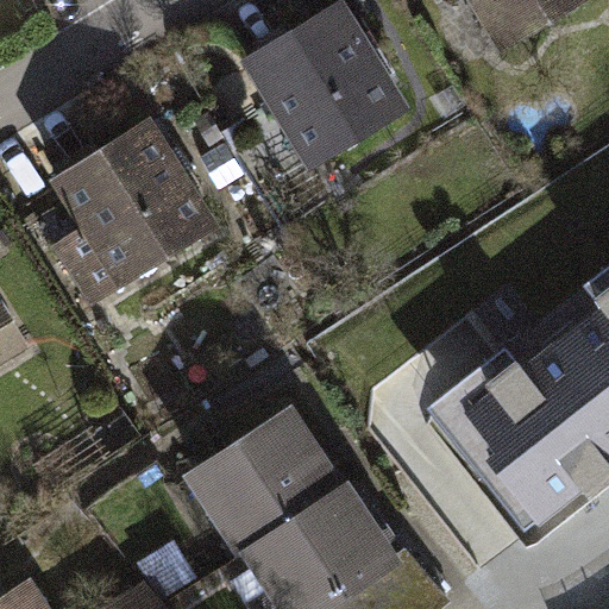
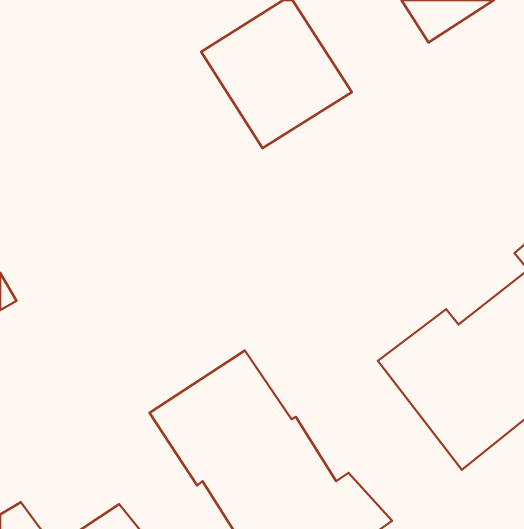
building: [46,115,220,308] -> none

